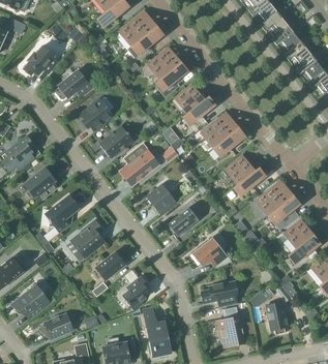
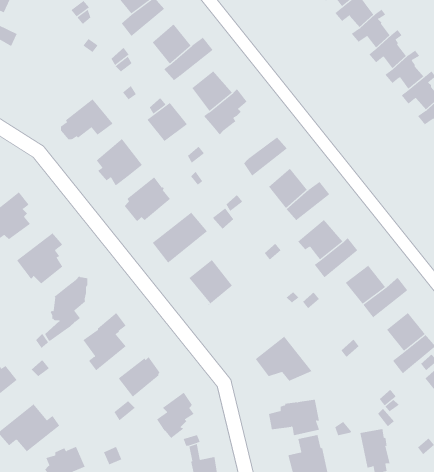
building: [24,44,58,74] -> none
building: [175,84,204,112] -> [147,102,188,142]
building: [168,206,199,236] -> none

